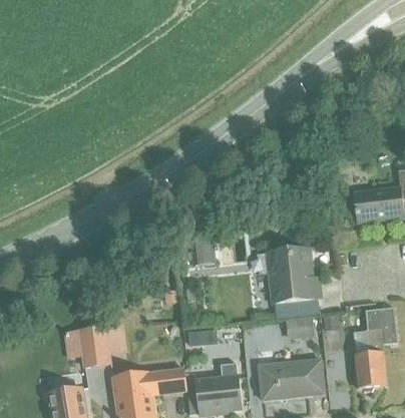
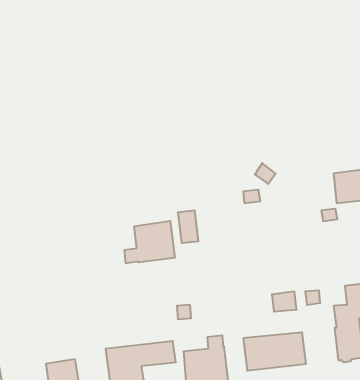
building: none -> [124,221,175,263]
building: [257,246,319,303] -> none
building: [79,325,109,368] -> none

